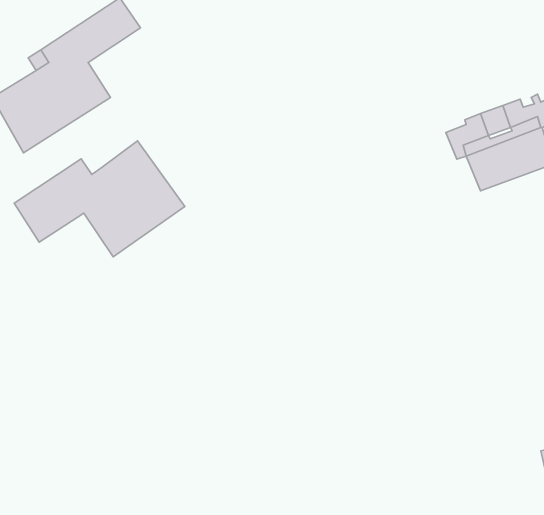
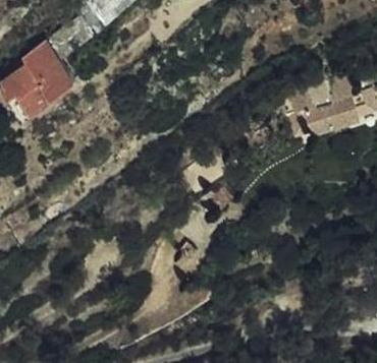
building: [14,141,185,257] -> none

